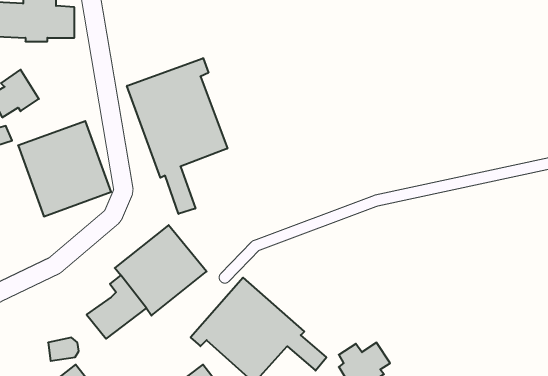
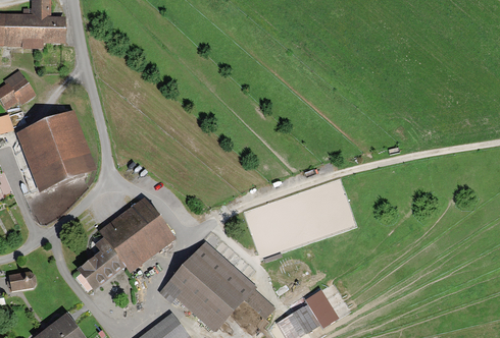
building: [127,58,227,214] -> none
building: [48,338,79,361] -> [10,271,36,290]

